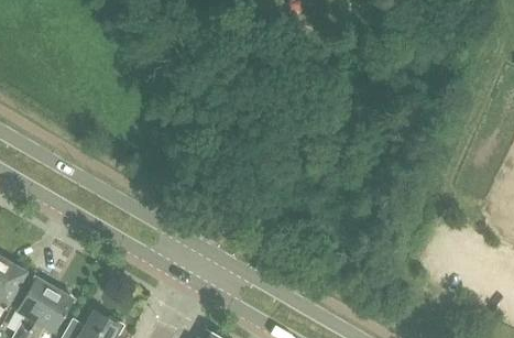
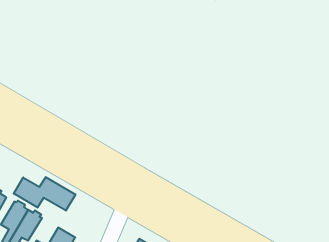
building: none -> [14,177,75,211]

